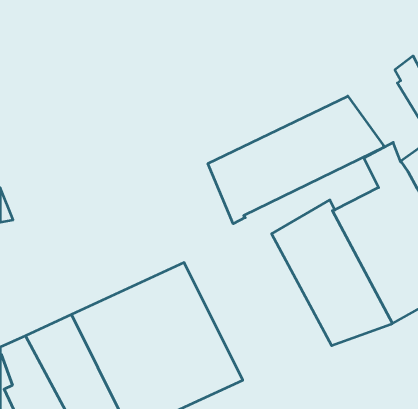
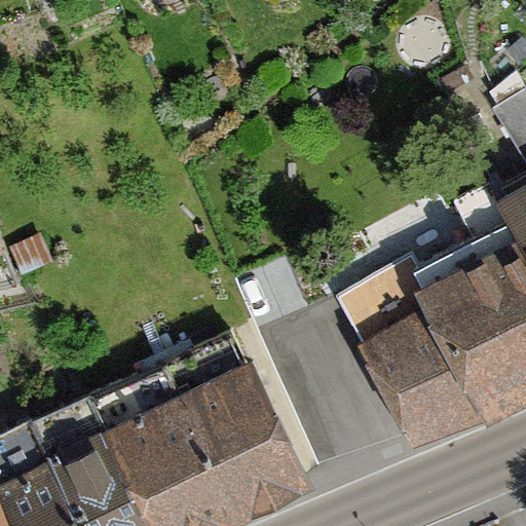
building: [208,96,384,224] -> none

